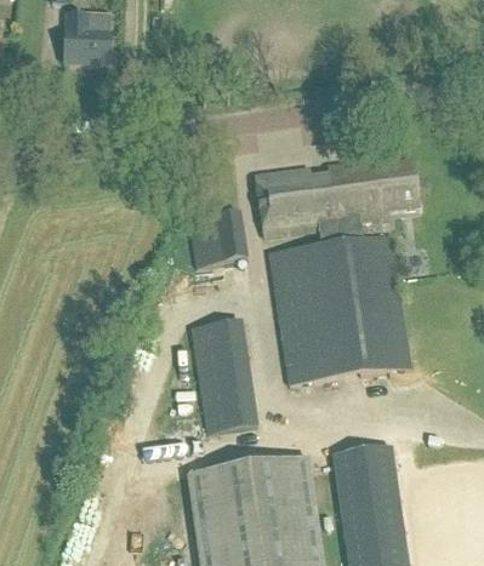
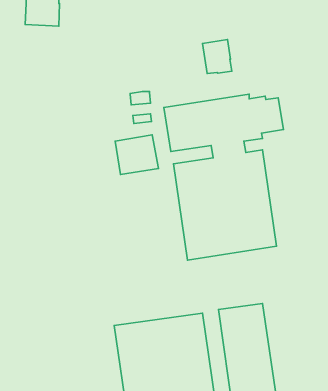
building: none -> [203,40,232,73]
building: [189,319,257,431] -> none

